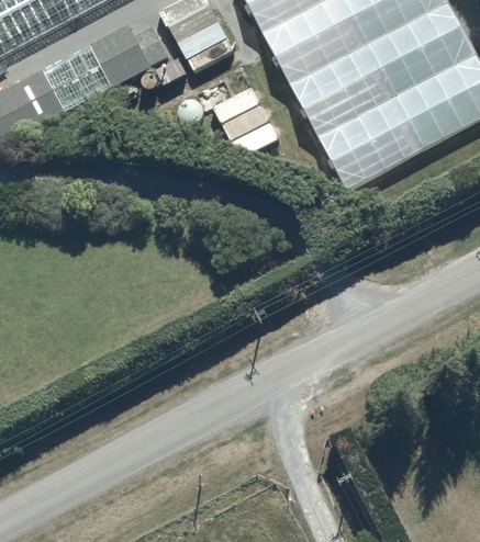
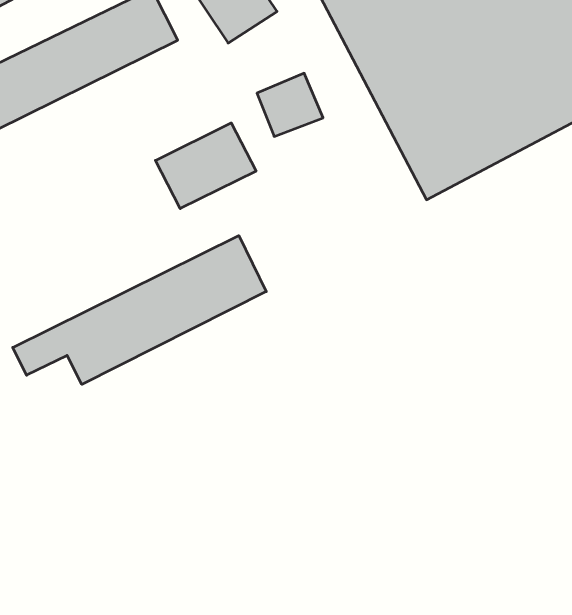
building: none -> [155,123,256,209]
building: none -> [13,236,266,384]

